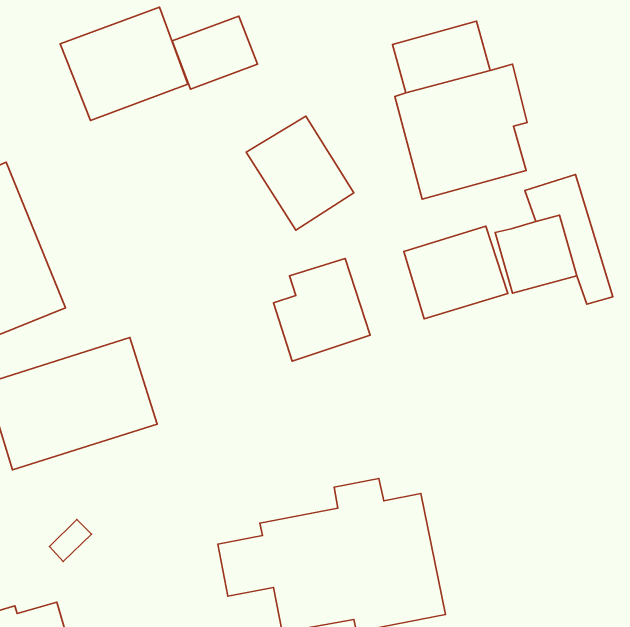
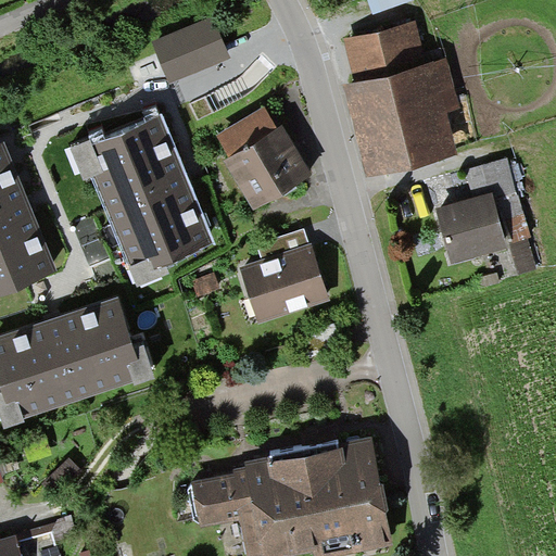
building: [60,7,188,121] -> none
building: none -> [81,119,214,280]
building: [404,226,508,319] -> none

